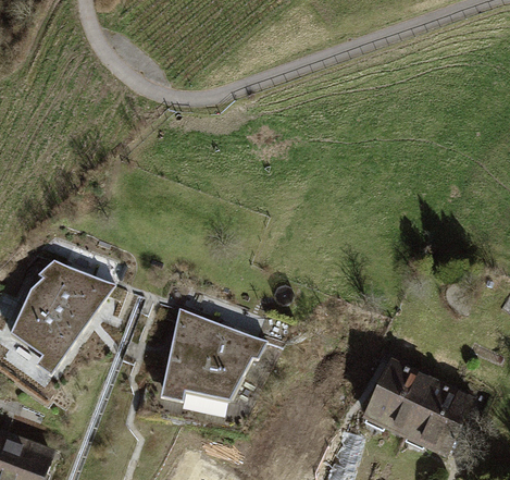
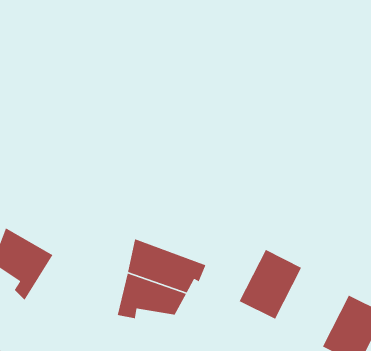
building: [28,262,113,329] -> none
building: [358,354,433,438] -> [239,249,302,320]

